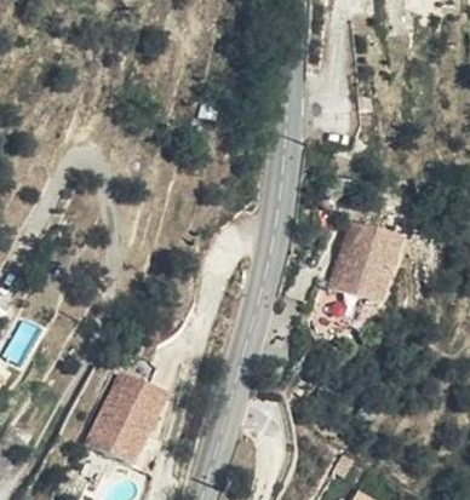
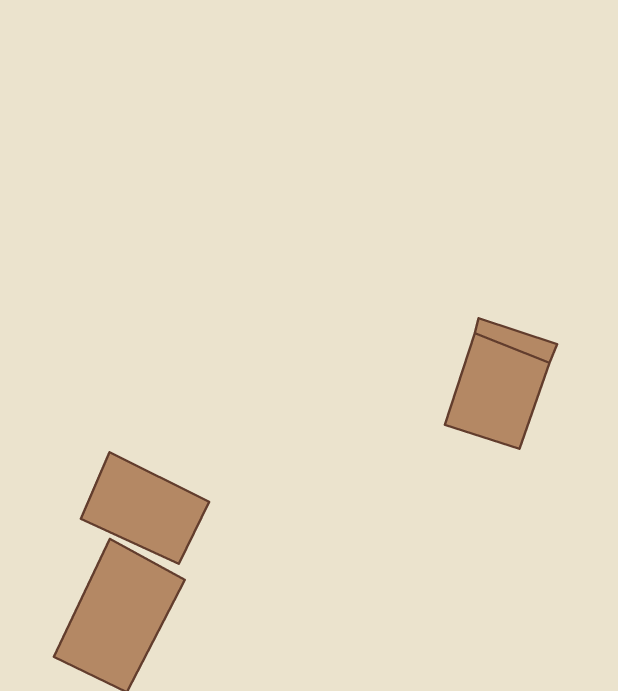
building: none -> [81,452,209,564]

